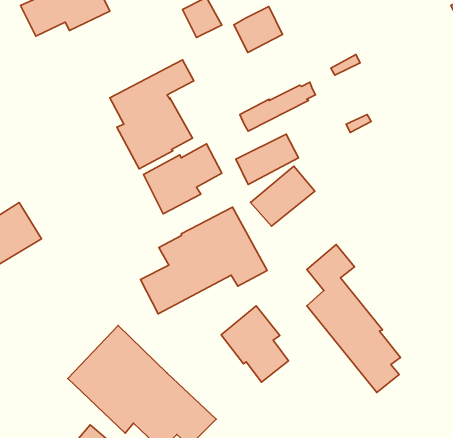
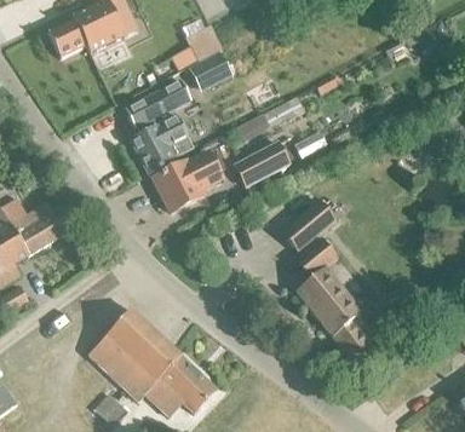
building: [234,7,283,53] -> [189,50,231,90]
building: [250,166,315,226] -> [280,200,335,252]
building: [141,207,267,314] -> none
building: [221,306,288,382] -> none

